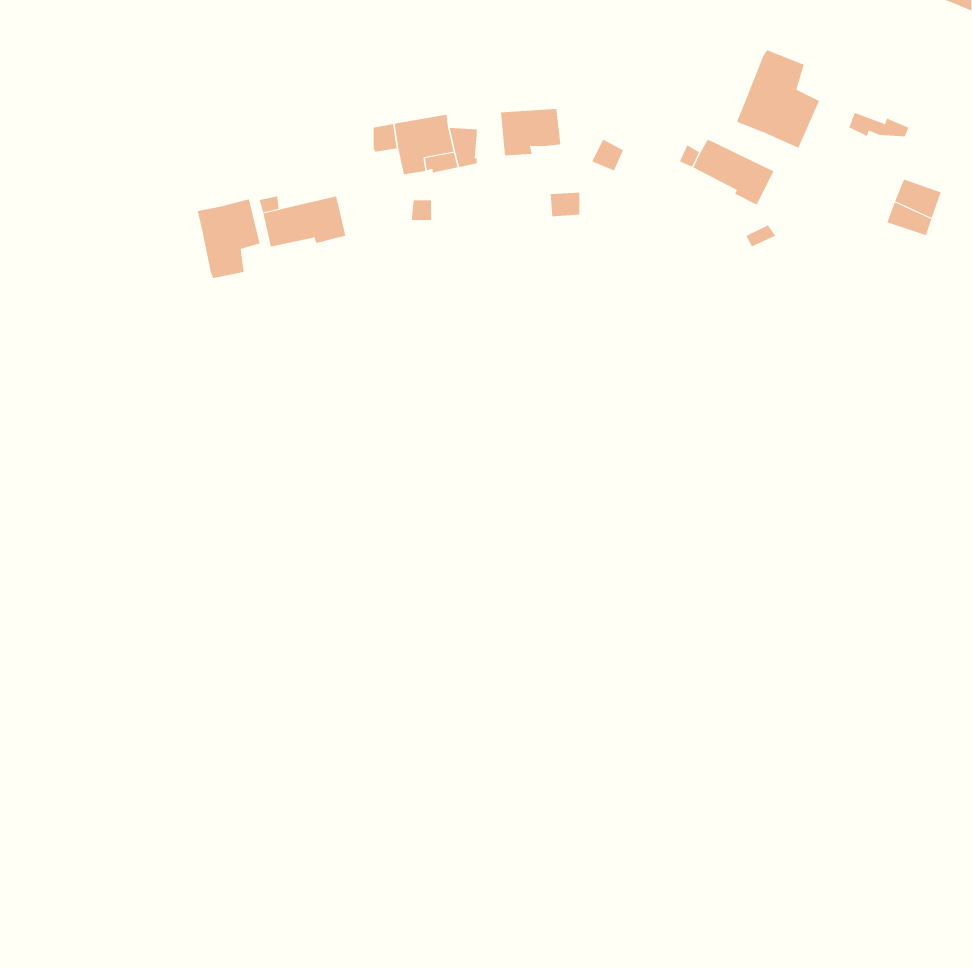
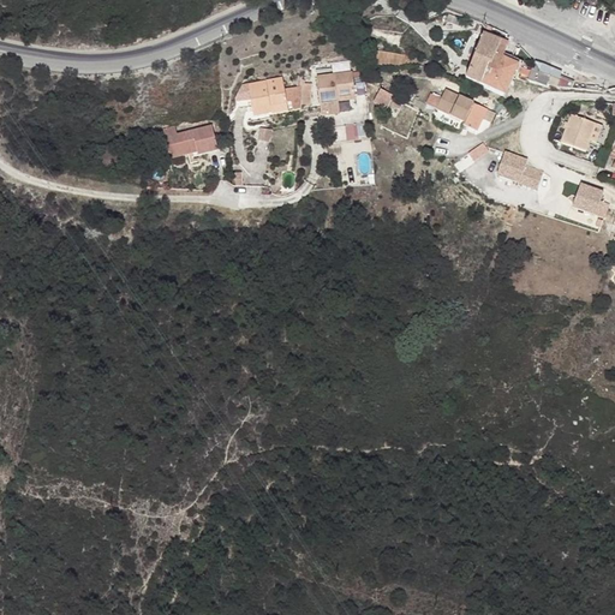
building: [197,199,260,279] -> none
building: none -> [496,153,543,190]
building: none -> [572,184,608,217]

